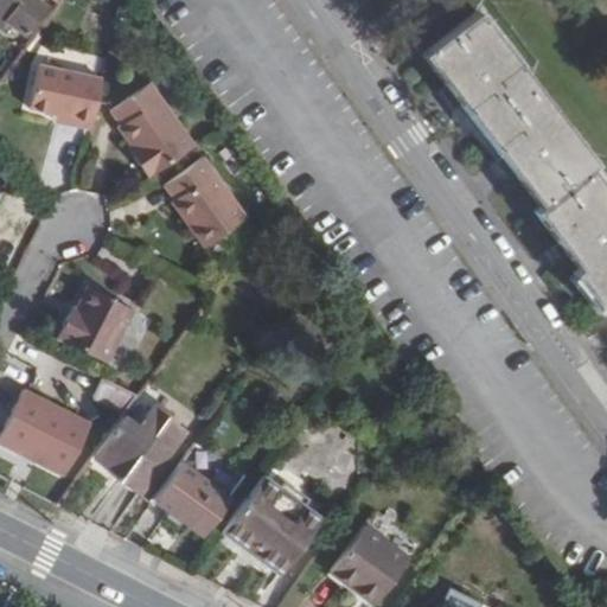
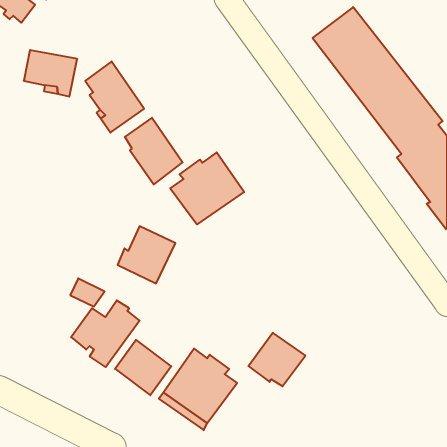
building: none -> [170,152,244,224]
building: [60,287,139,364] -> [118,226,175,283]
building: [5,388,95,471] -> none
building: [331,525,408,598] -> [248,333,305,386]

